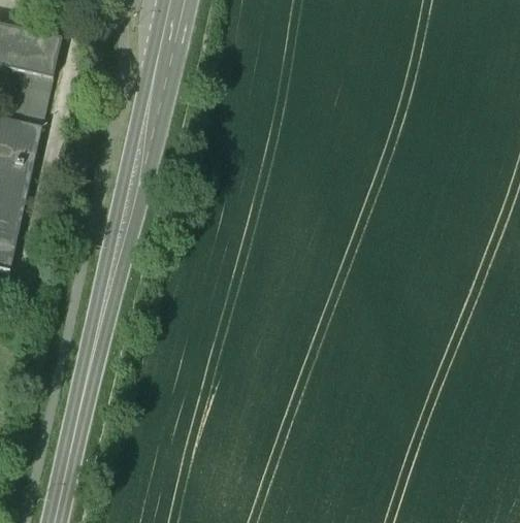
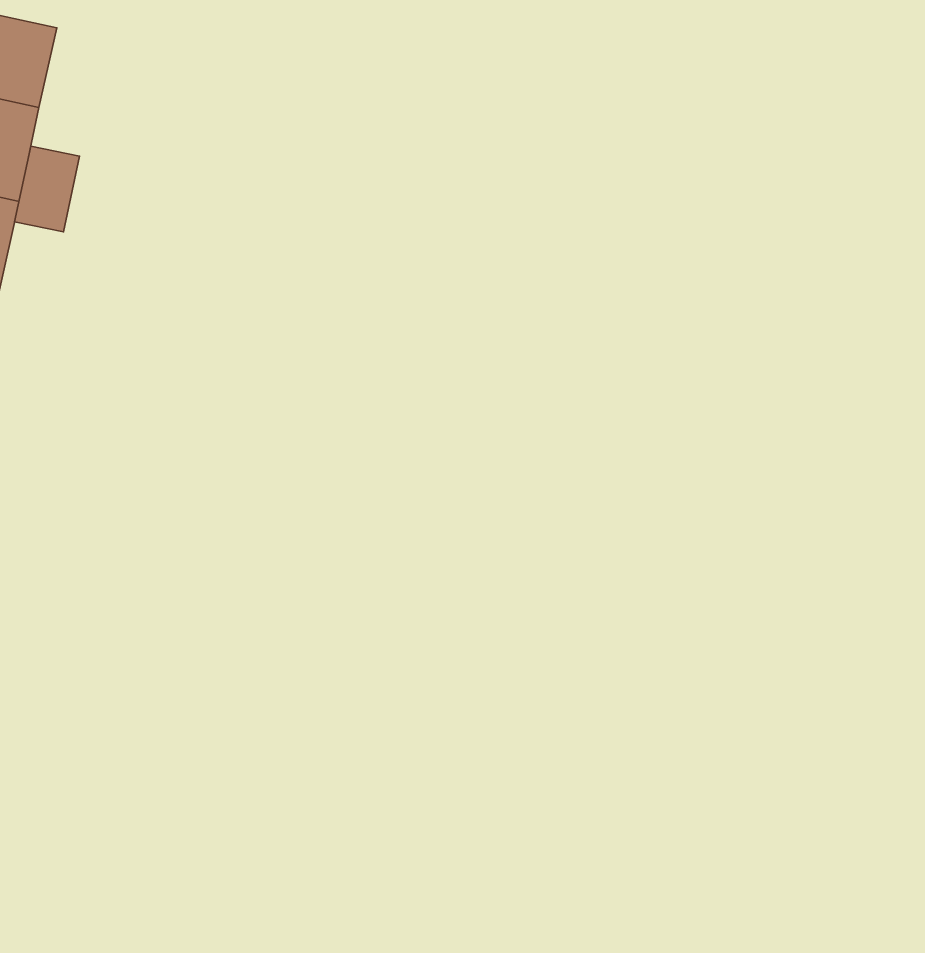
building: none -> [15,146,79,232]

